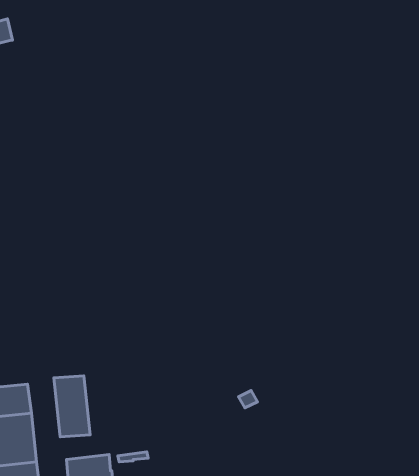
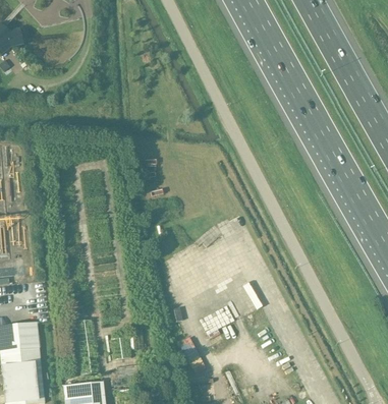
building: [54,376,90,437] -> none

